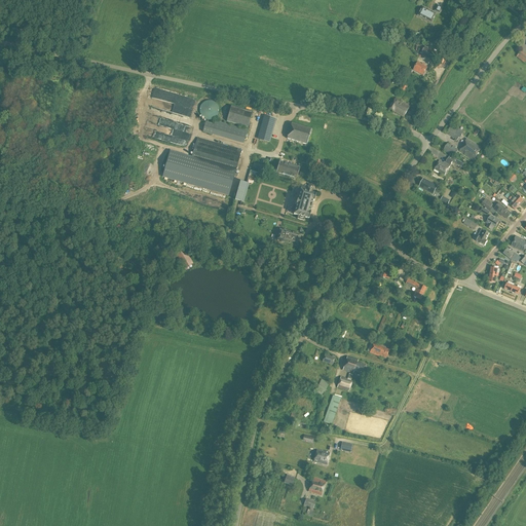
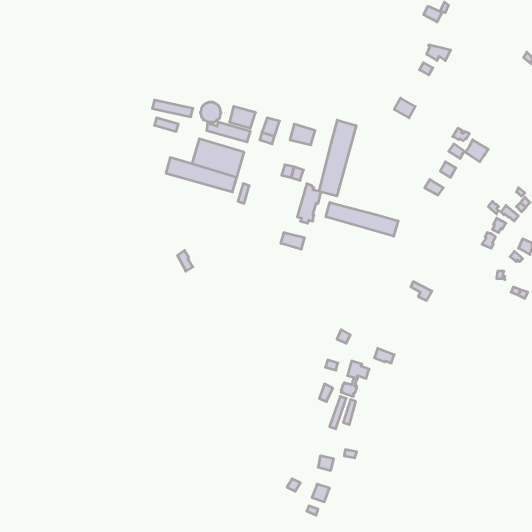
building: none -> [319,120,356,196]
building: none -> [326,202,398,236]

